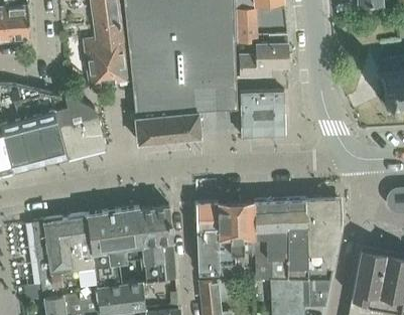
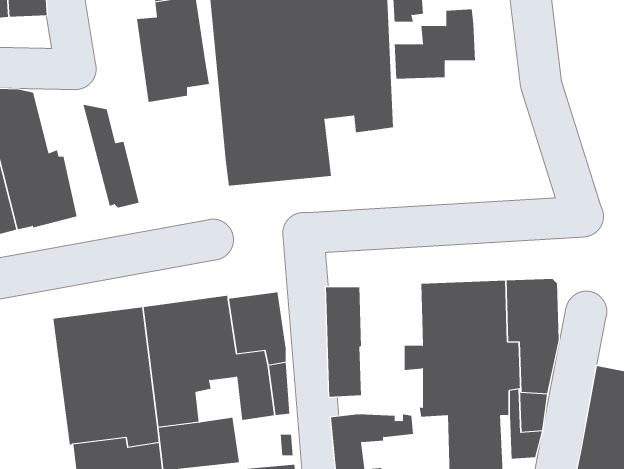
building: [22,87,68,161] -> none
building: [240,93,286,138] -> none
building: [66,97,104,153] -> none
building: [199,201,256,277] -> none

